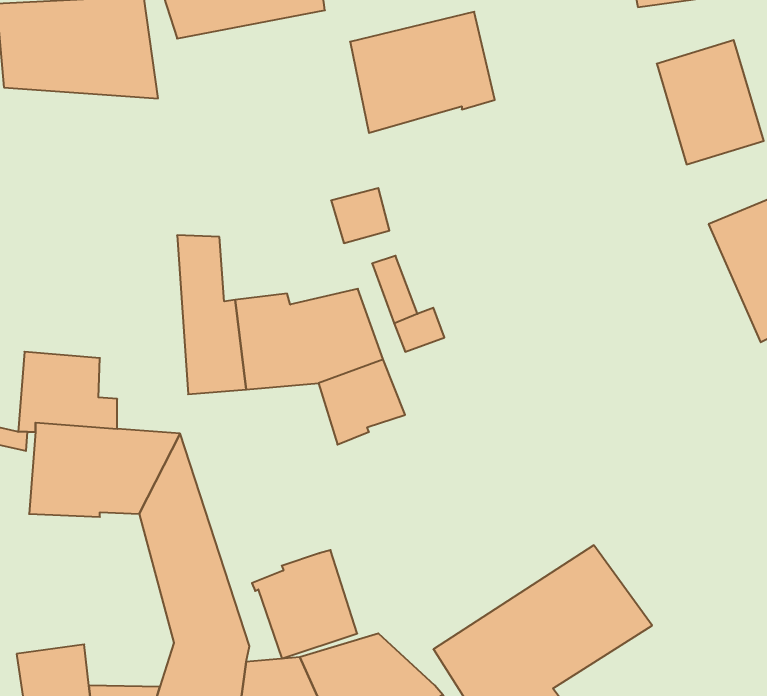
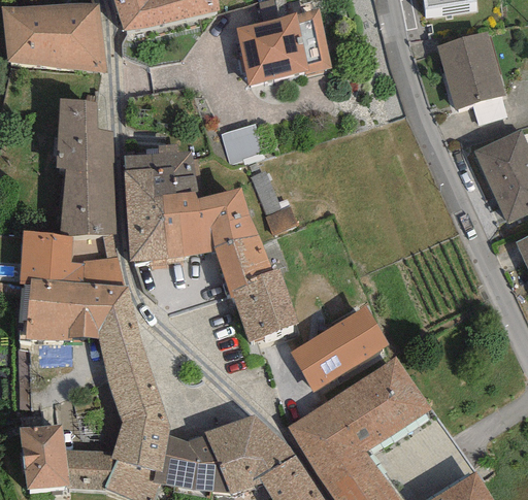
building: none -> [55,100,114,234]
building: none -> [151,145,200,200]
building: none -> [84,257,125,287]
building: none -> [291,308,389,396]
building: [252,550,357,659] -> [228,272,297,343]

